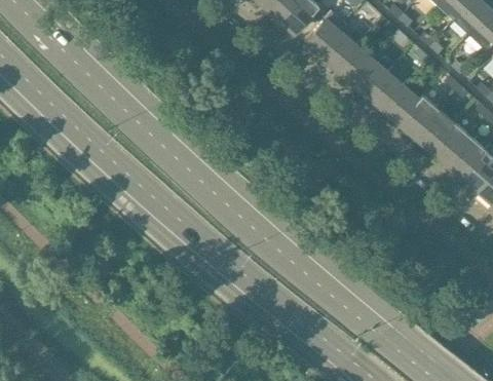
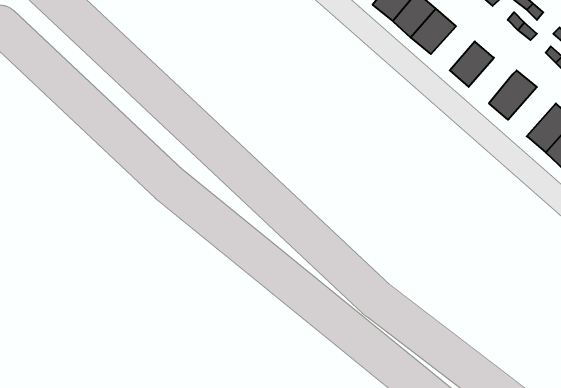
building: [352,60,388,96] -> none
building: [383,85,419,122] -> none
building: [415,109,454,149] -> none

